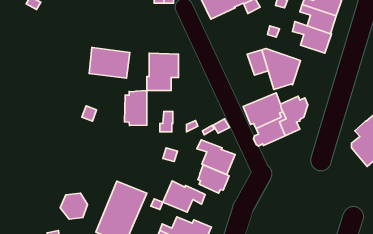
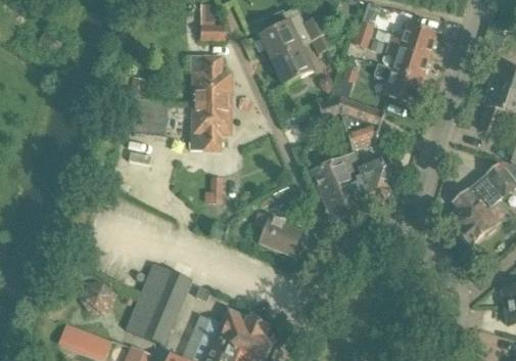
building: none -> [271,45,314,85]
building: none -> [190,55,231,103]
building: [124,90,147,125] -> none
building: [198,165,229,193] -> none
building: [163,181,205,212] -> none

